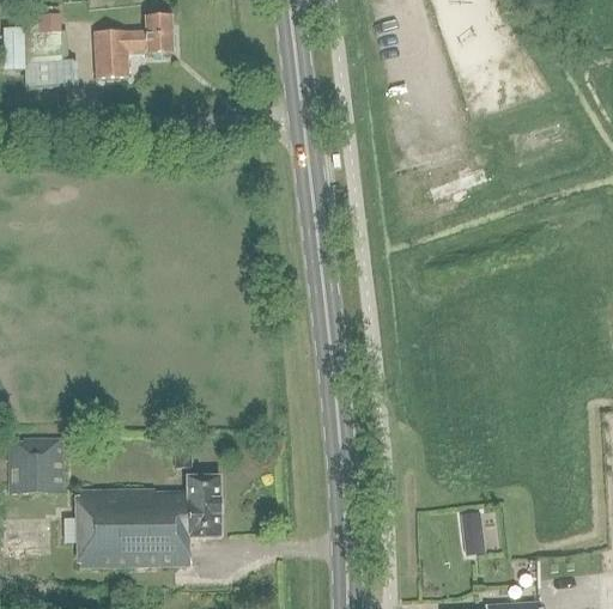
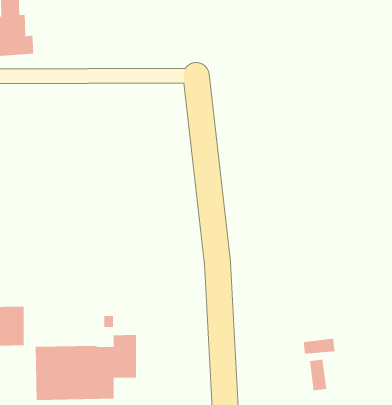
building: [93,14,172,75] -> none
building: none -> [303,338,335,355]

